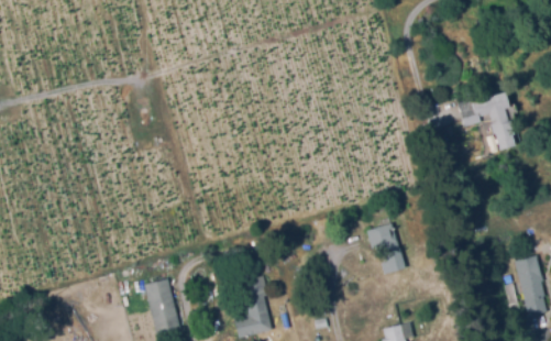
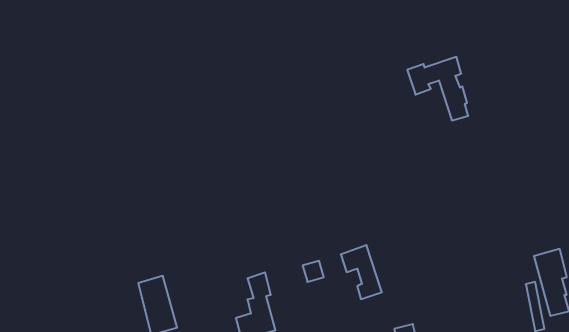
building: [459,91,516,151] -> [407,57,468,120]
building: [366,223,405,274] -> [341,245,382,299]

